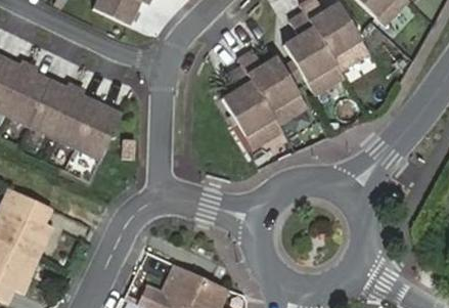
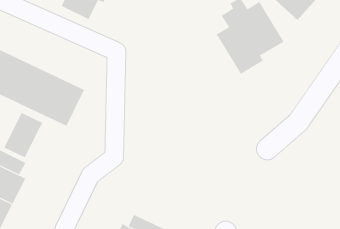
building: [226,50,312,148] -> none
building: none -> [3,112,43,158]

